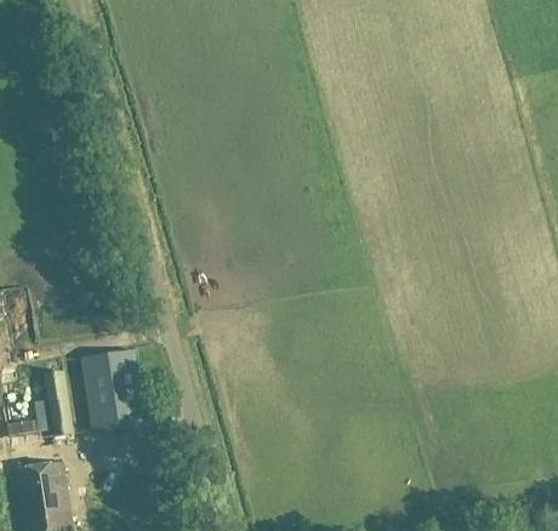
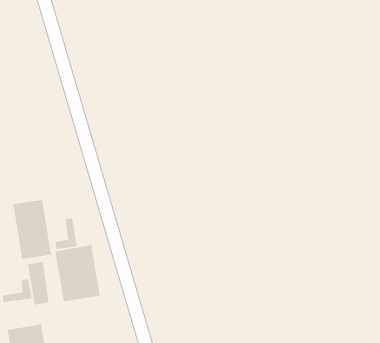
building: none -> [13,199,52,260]
building: none -> [55,217,78,250]

